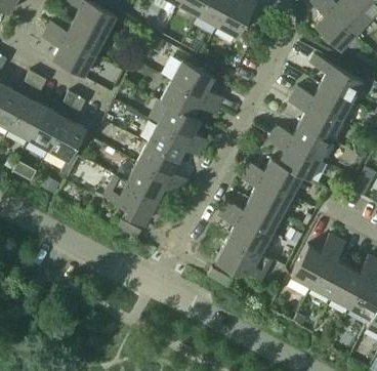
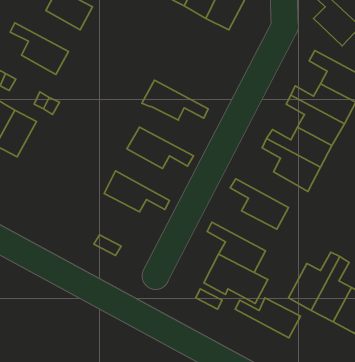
building: [46,19,104,56] -> none
building: [171,61,223,108] -> none
building: [158,106,210,150] -> none
building: [48,119,86,162] -> none
building: [136,143,188,190] -> none
building: [244,160,301,196] -> none
building: [103,175,158,225] -> none
building: [222,199,281,235] -> [235,298,300,338]

